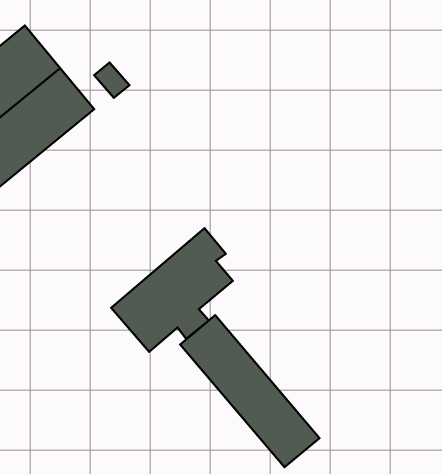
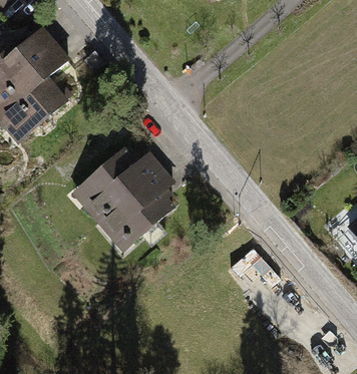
building: none -> [69,143,161,225]
building: [180,315,319,467] -> none

